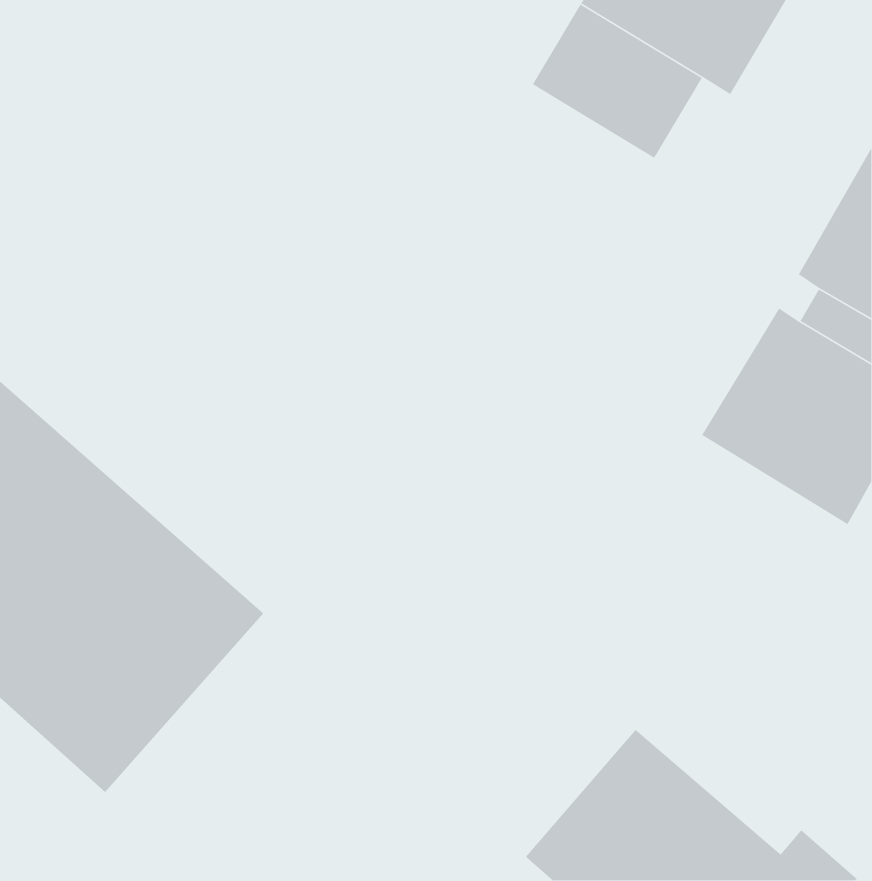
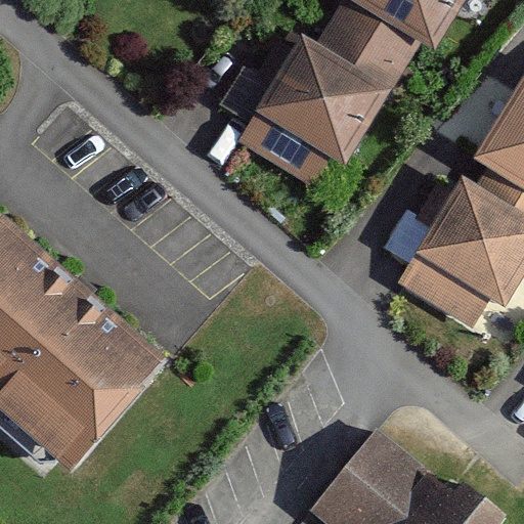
building: none -> [256,42,388,171]

